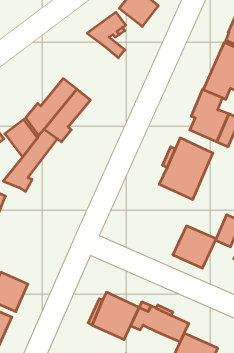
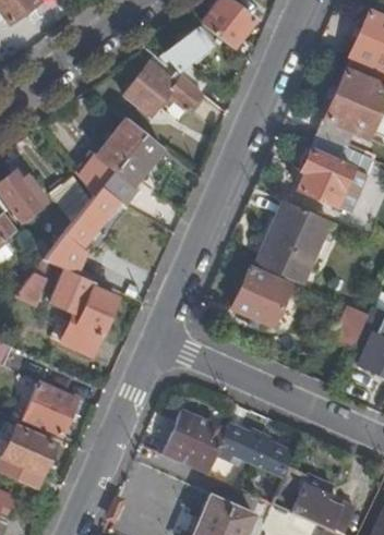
building: none -> [124,62,202,117]
building: none -> [50,268,116,356]
building: [173,226,216,268] -> [231,268,290,326]

